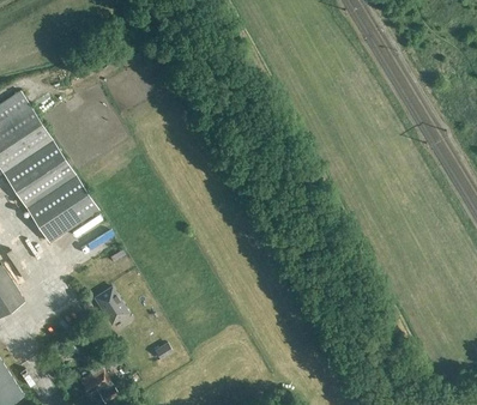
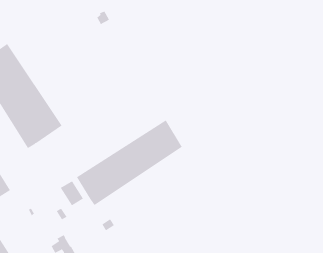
building: none -> [76,120,183,206]

